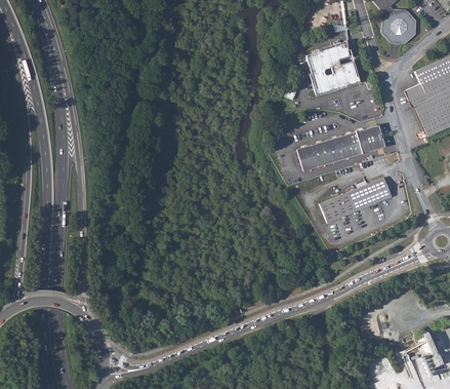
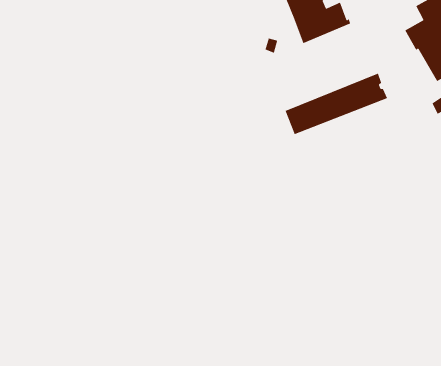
building: [320,178,392,223] -> none

